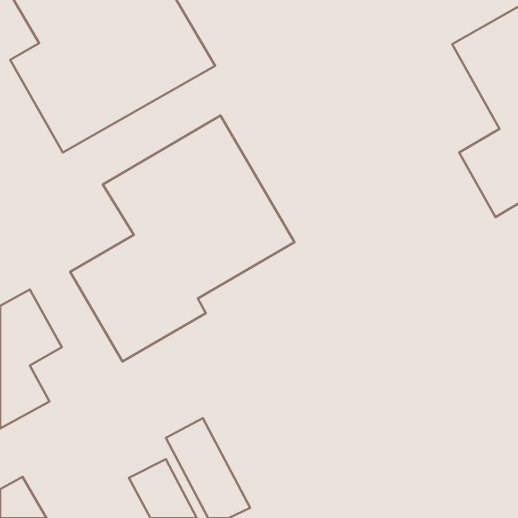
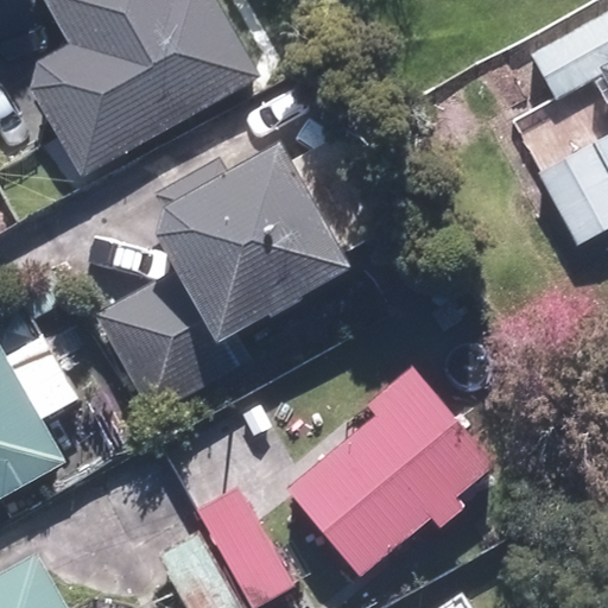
building: none -> [278,373,489,578]

